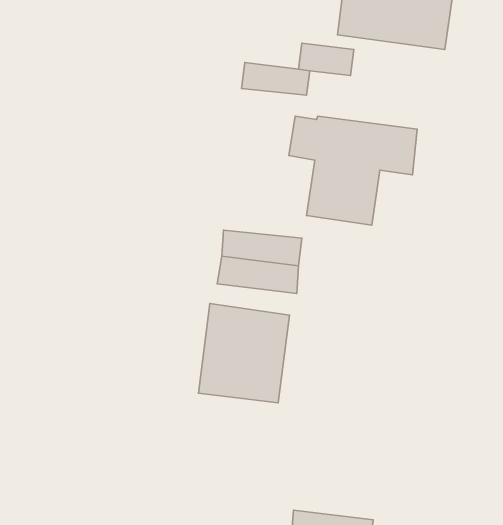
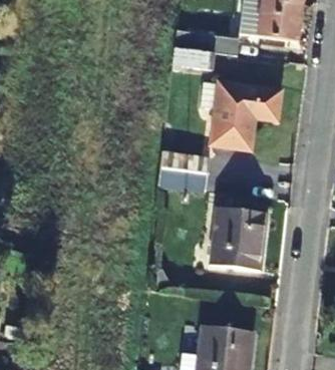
building: [198,304,290,403] -> [215,206,271,267]

